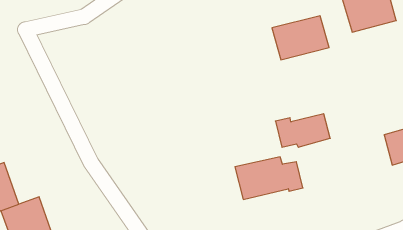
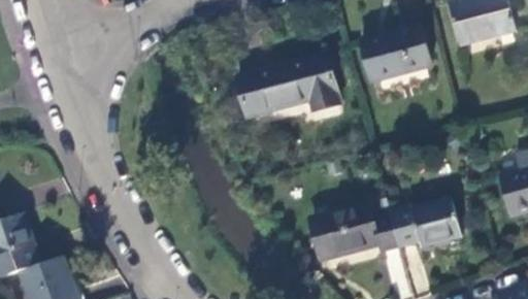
building: none -> [233,57,331,120]
building: [275,114,330,147] -> [390,203,459,245]

